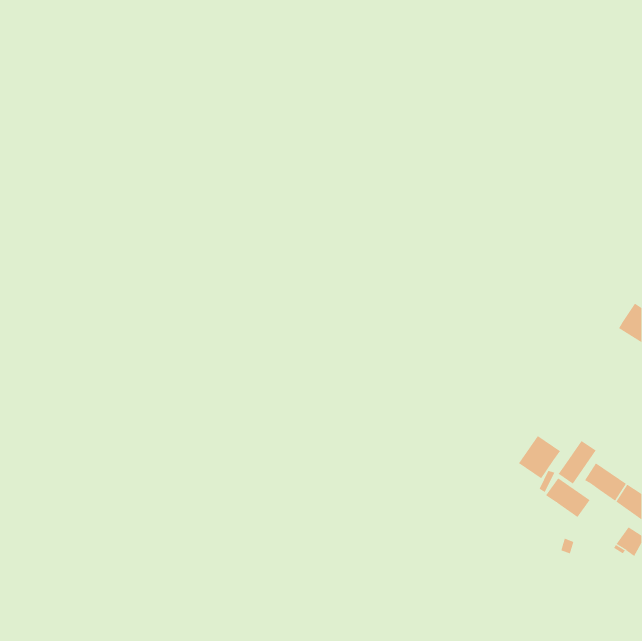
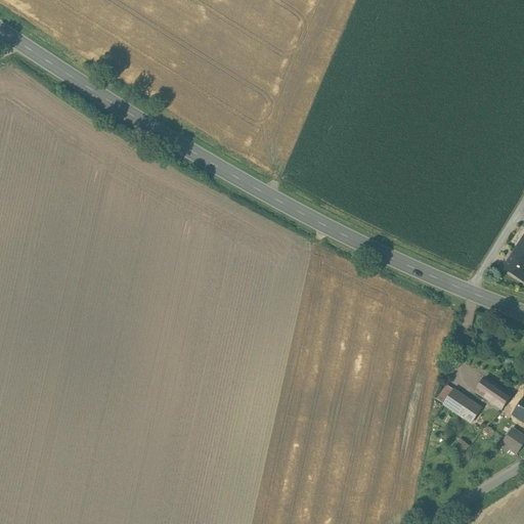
building: [518,435,561,479] -> none
building: [558,440,597,484] -> none

